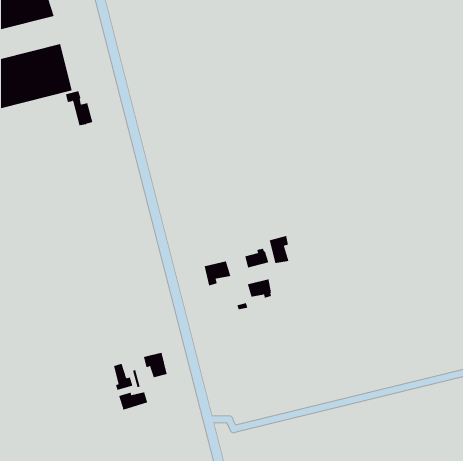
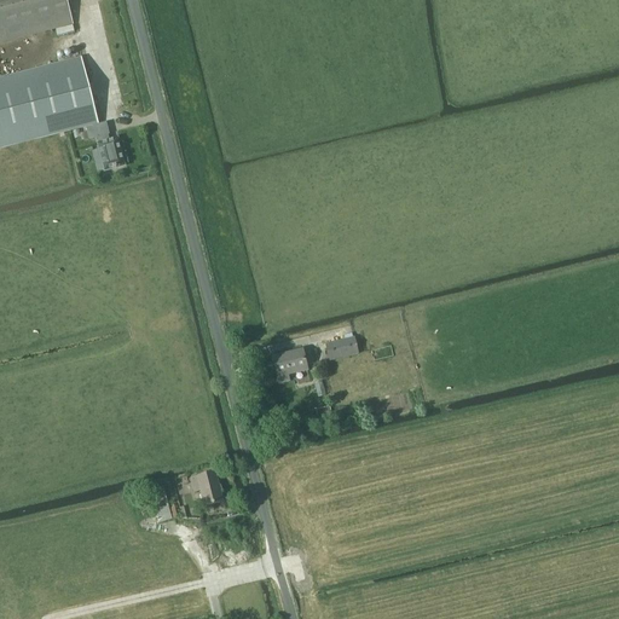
building: [269,235,289,264] -> none
building: [247,278,272,298] -> none
building: [118,391,148,410] -> none

